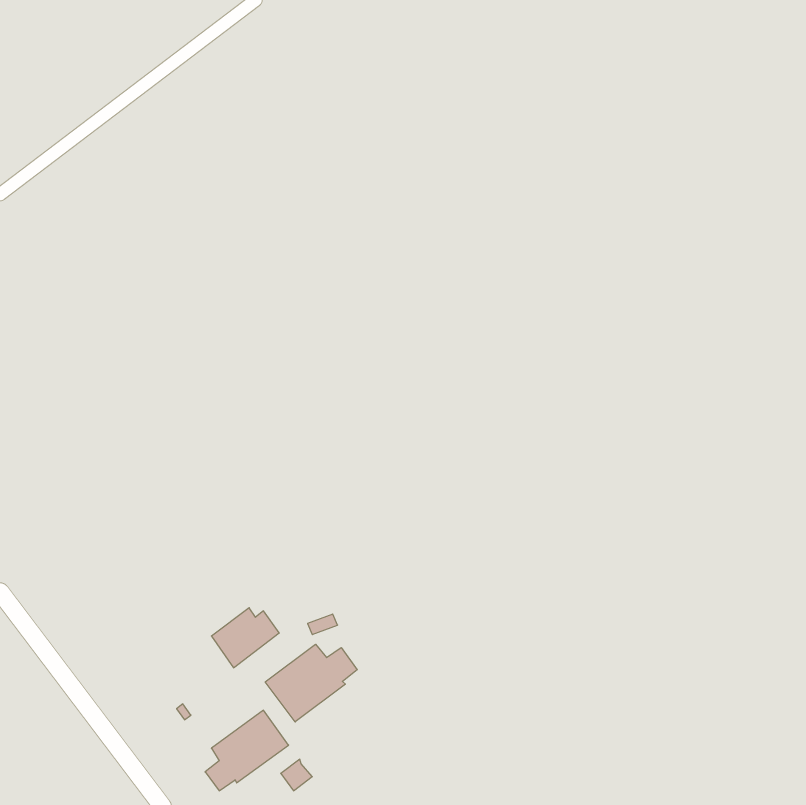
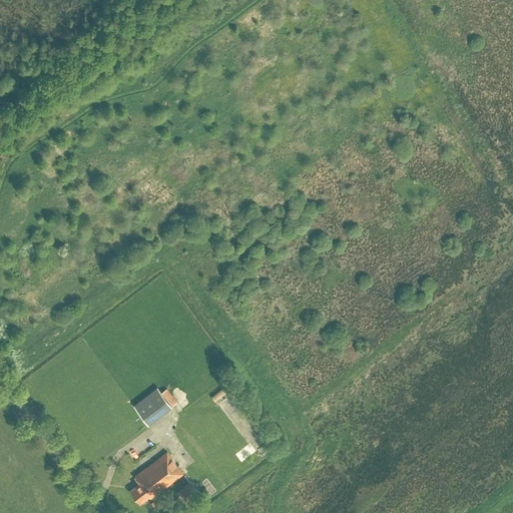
building: [265,644,357,722] -> none

